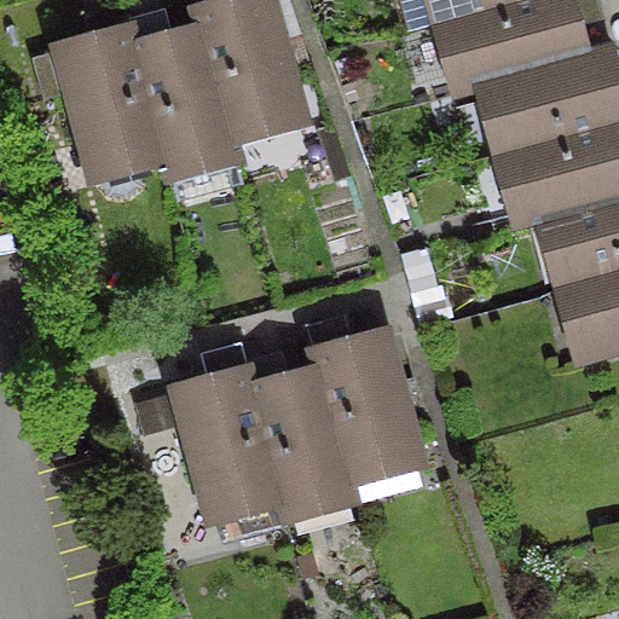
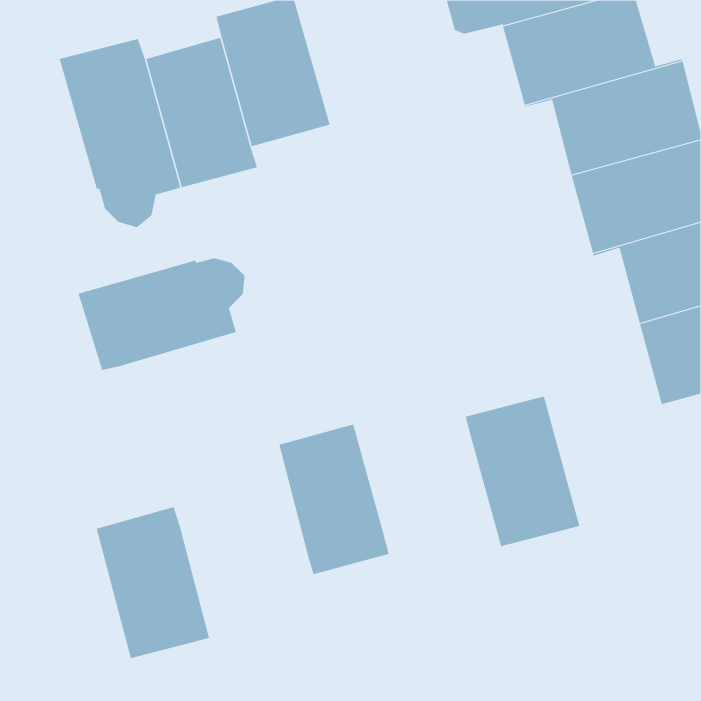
building: none -> [78,257,245,371]
building: [307,337,409,470] -> [465,396,580,547]
building: [170,374,271,508] -> [96,507,210,659]

